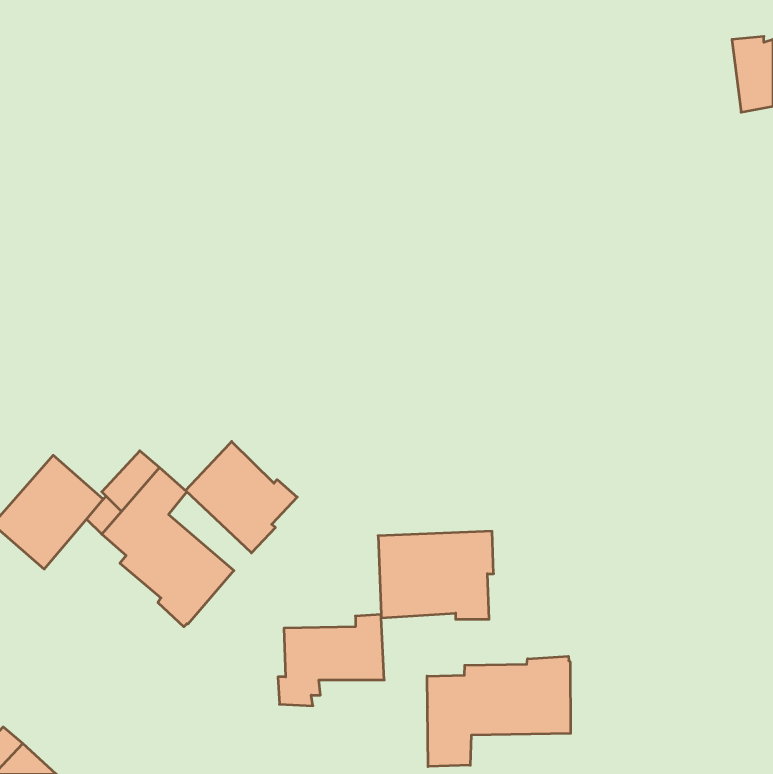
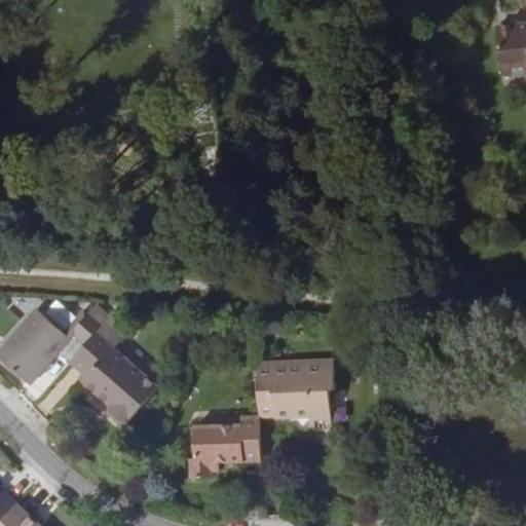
building: [185,441,297,553] -> none
building: [427,656,571,767] -> none

